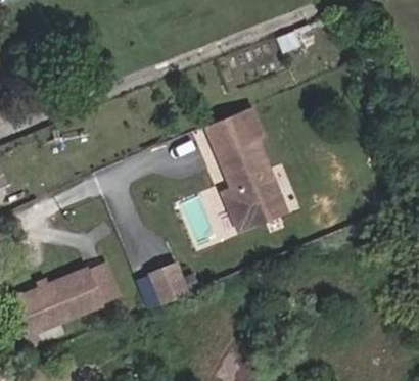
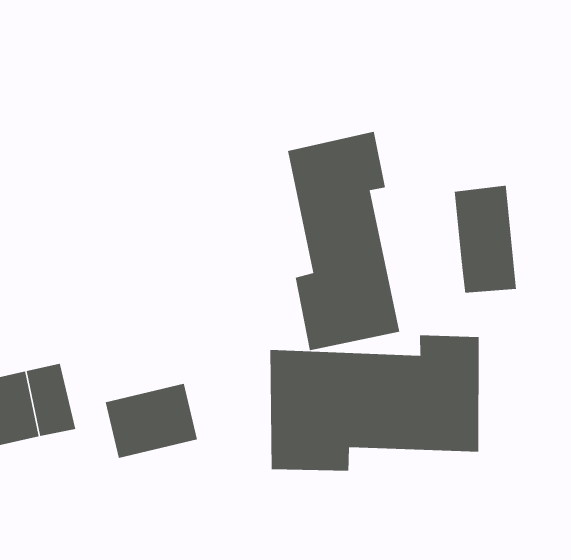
building: none -> [454,185,516,294]
building: none -> [270,335,479,471]

